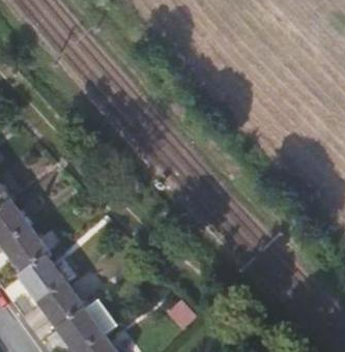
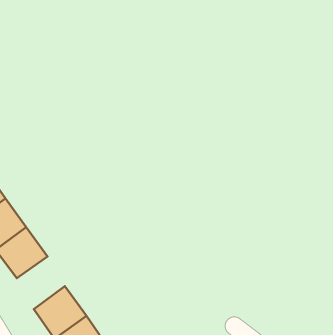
building: [18,254,64,299] -> none

